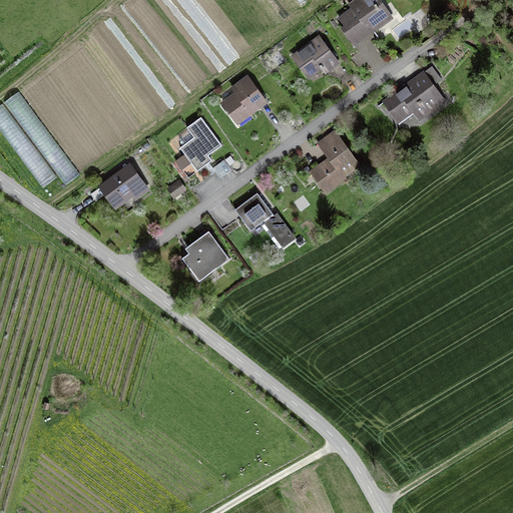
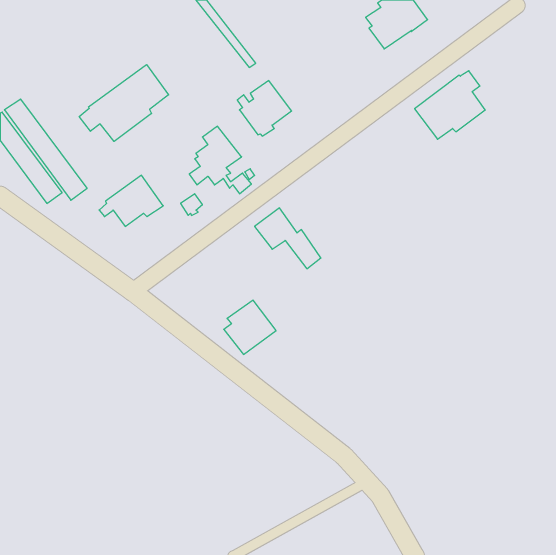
building: [290,35,340,80] -> none
building: none -> [79,65,169,141]
building: [307,129,361,194] -> none
building: [181,230,229,281] -> [224,300,276,354]

